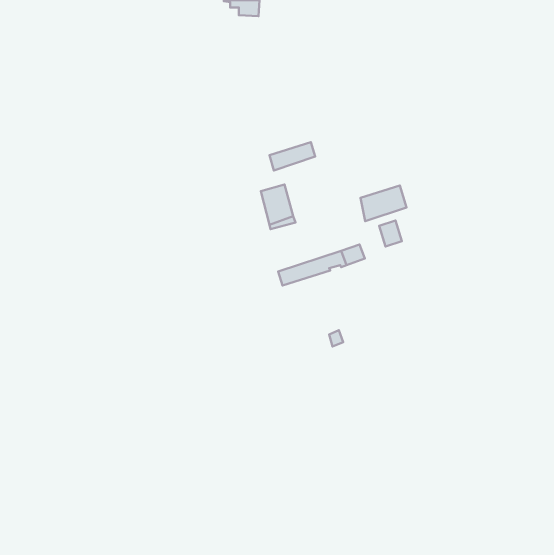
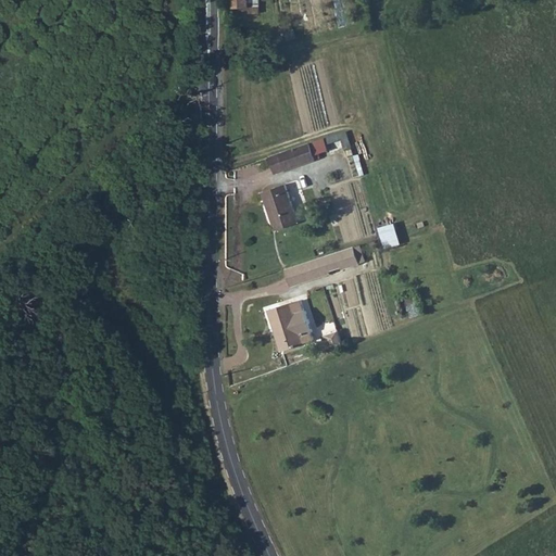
building: [361,186,407,221] -> none
building: none -> [268,300,314,352]

